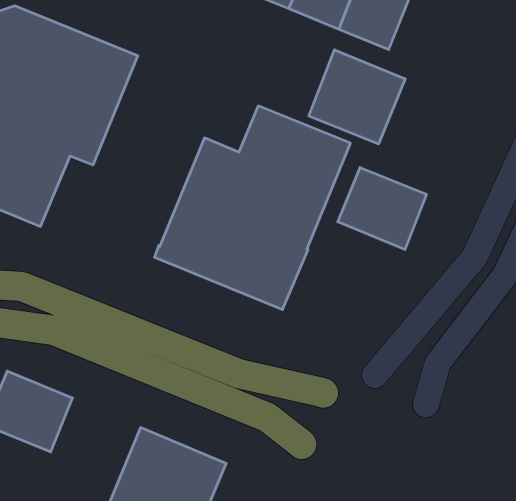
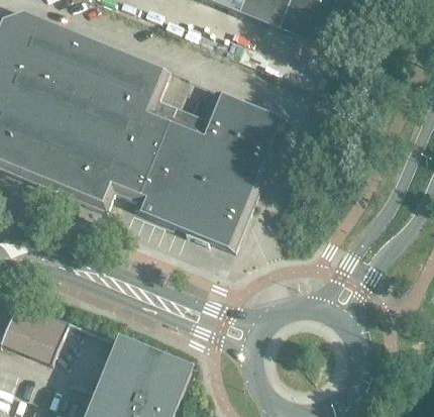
building: [309,50,405,144] -> none
building: none -> [42,49,172,210]
building: [338,167,426,250] -> none

